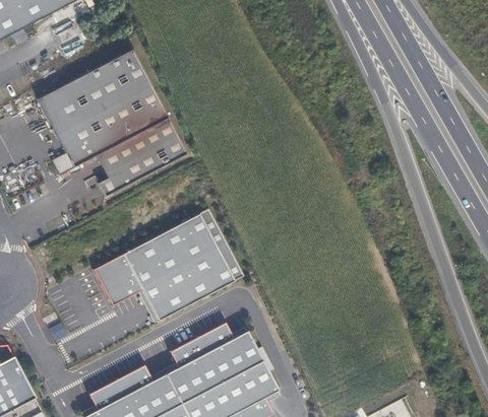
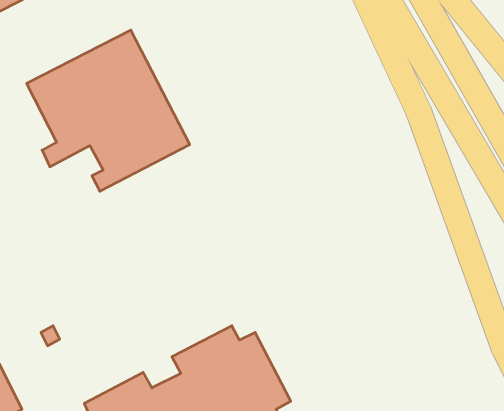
building: [89,208,242,321] -> none

